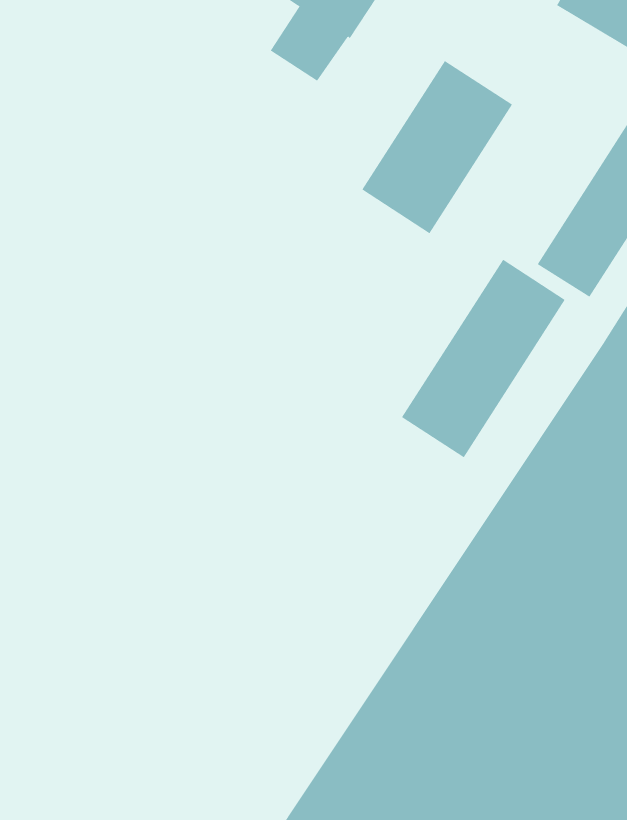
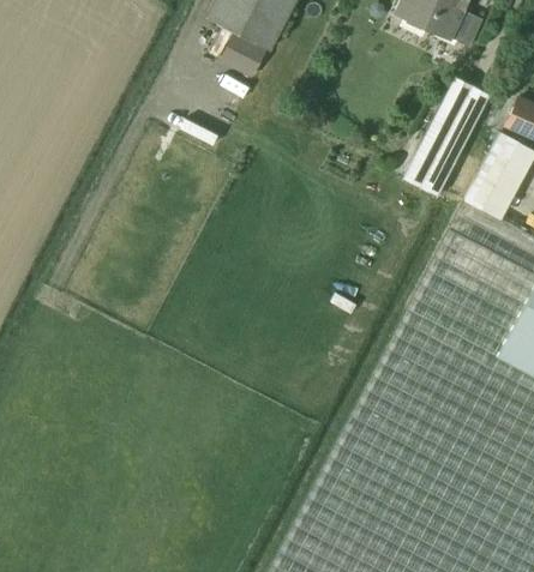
building: [362,60,513,234] -> none
building: [401,259,566,458] -> none

